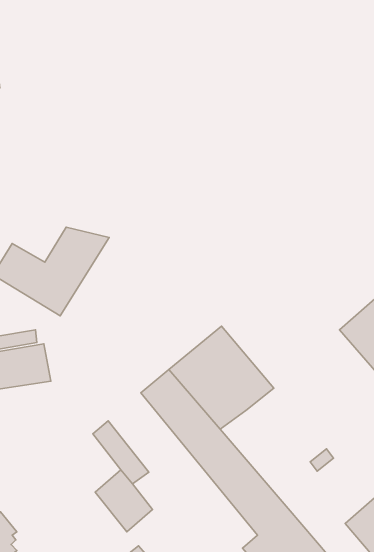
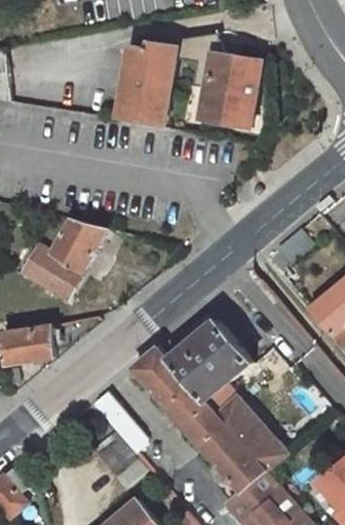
building: none -> [117,33,258,128]
building: none -> [203,381,285,468]

